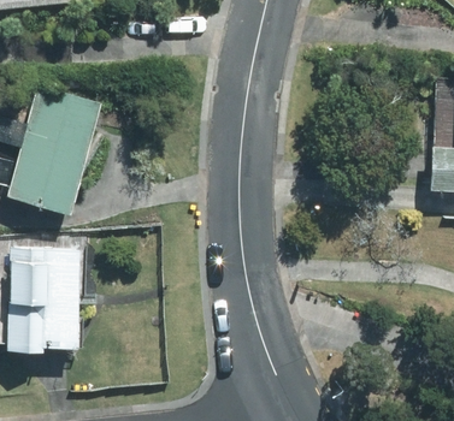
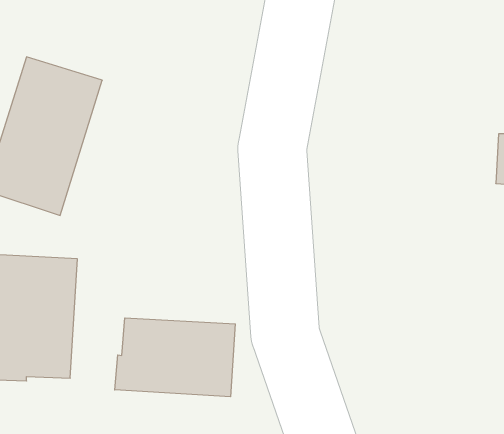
building: none -> [115,318,235,397]

